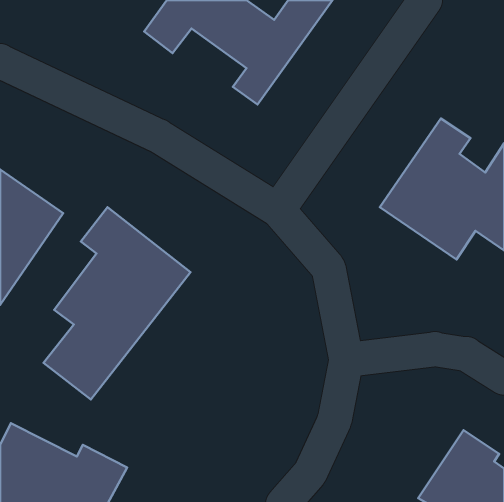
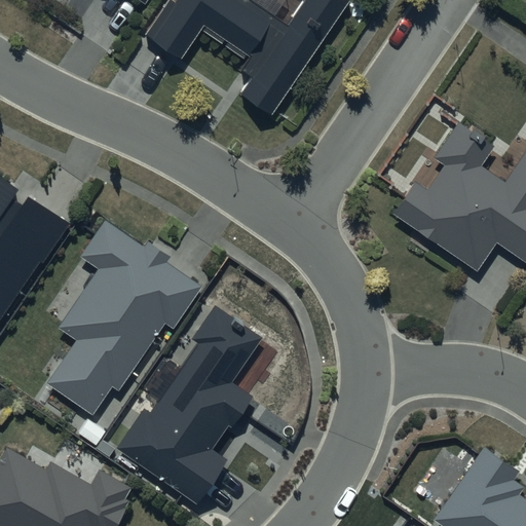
building: none -> [122,306,262,501]

